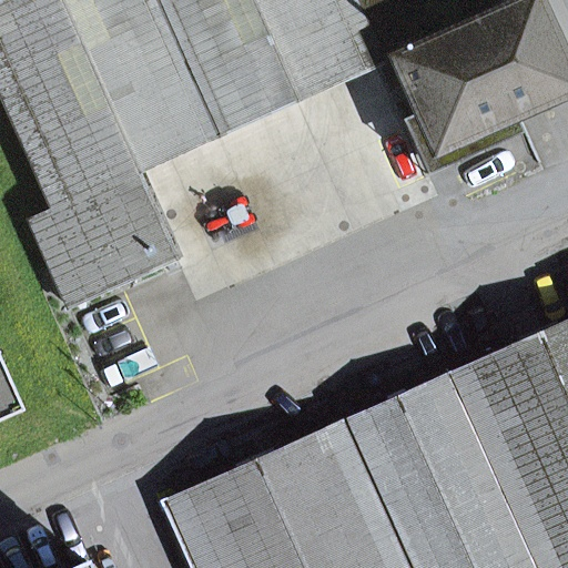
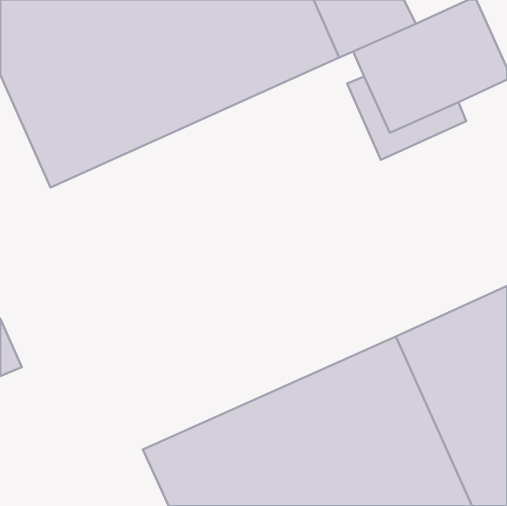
building: [31,172,178,306] -> none

